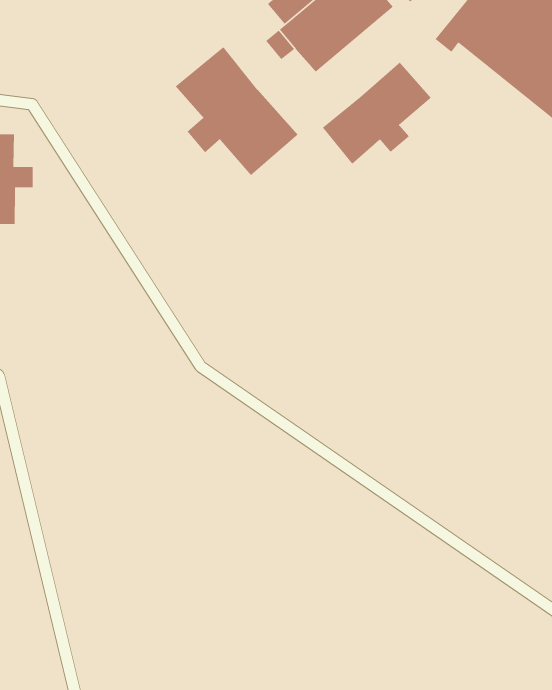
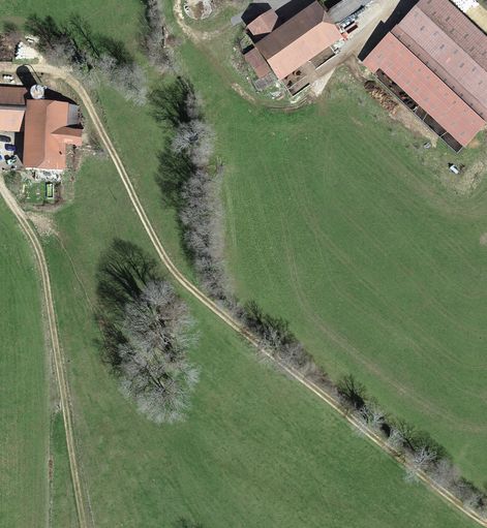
building: [175,46,298,176] -> none
building: [322,61,432,165] -> none

